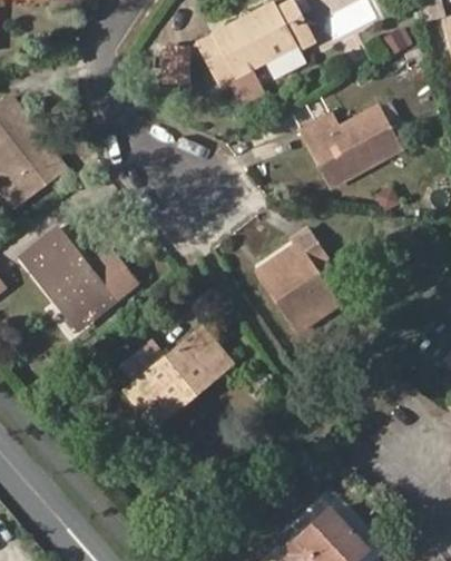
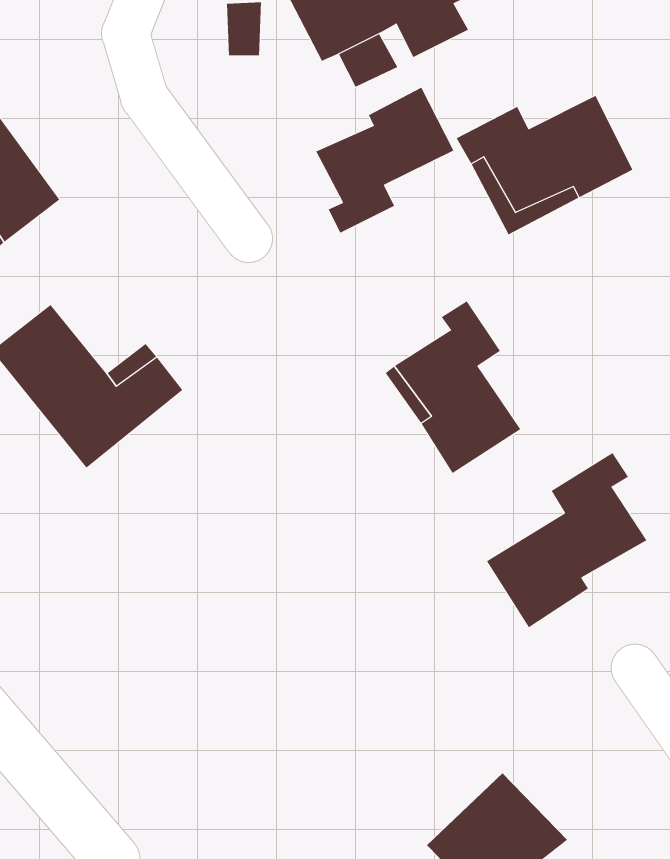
building: none -> [315,87,454,233]
building: none -> [486,452,647,628]
building: [122,328,232,426] -> none

